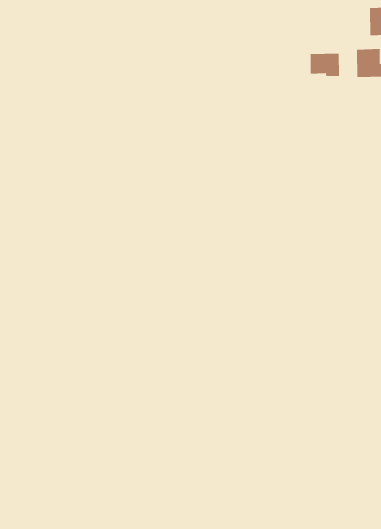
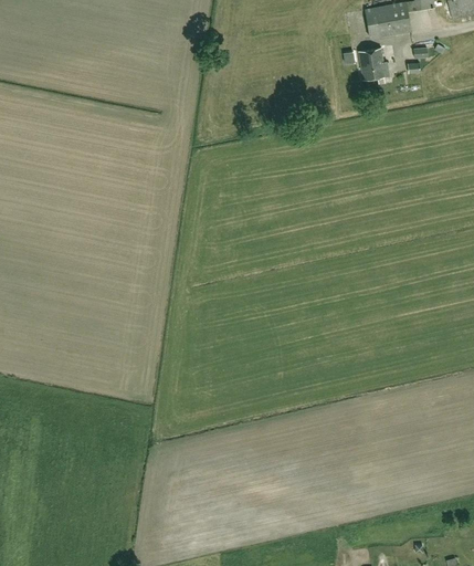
building: [310,53,340,77] -> none

